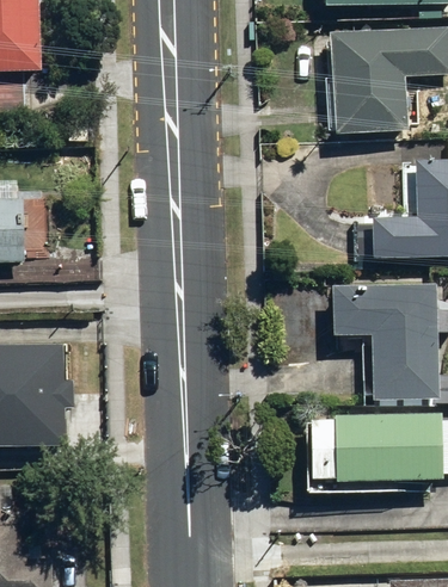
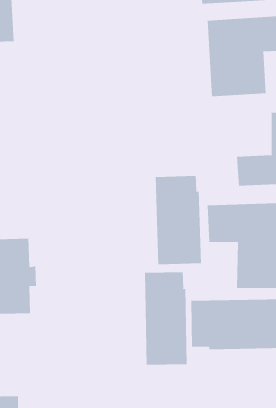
building: none -> [155,175,201,265]
building: none -> [145,272,187,365]

